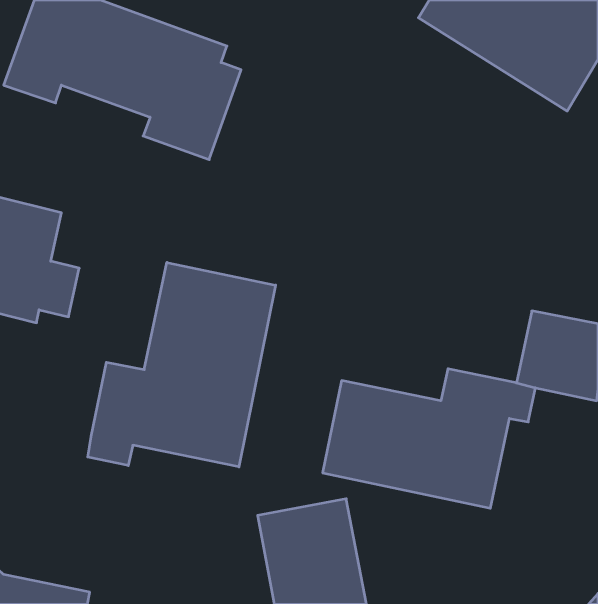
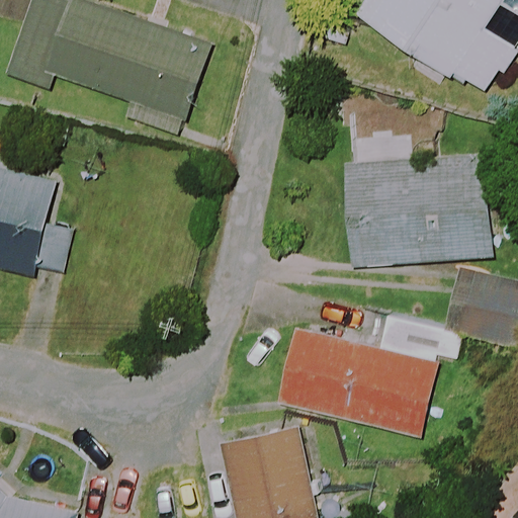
building: none -> [345,150,503,263]
building: [88,262,276,467] -> none

